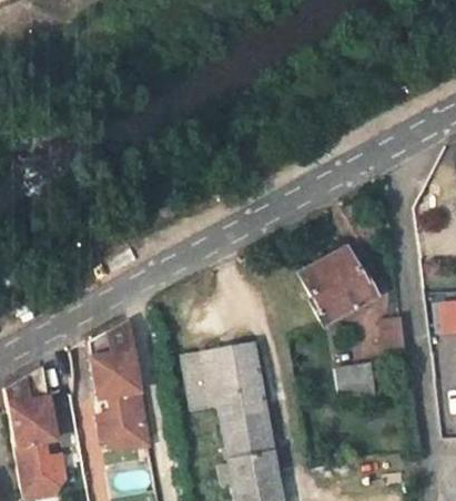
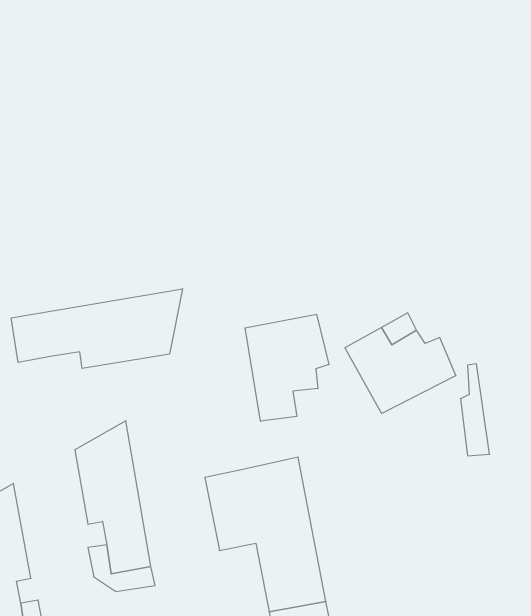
building: none -> [11,289,182,368]
building: none -> [245,314,329,421]
building: [333,354,373,390] -> none

